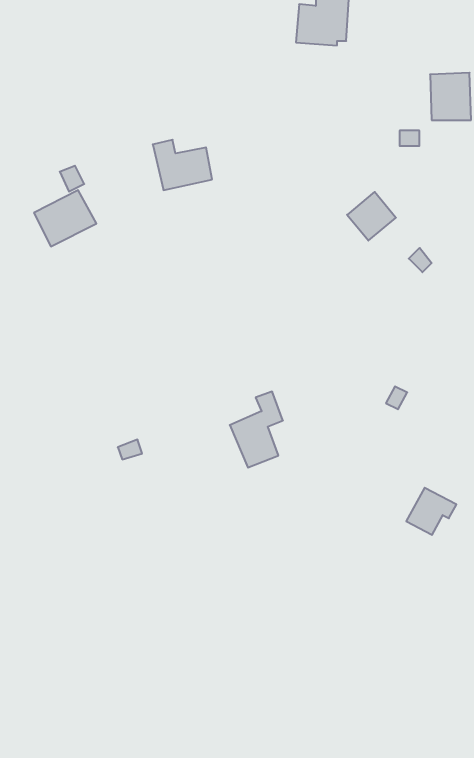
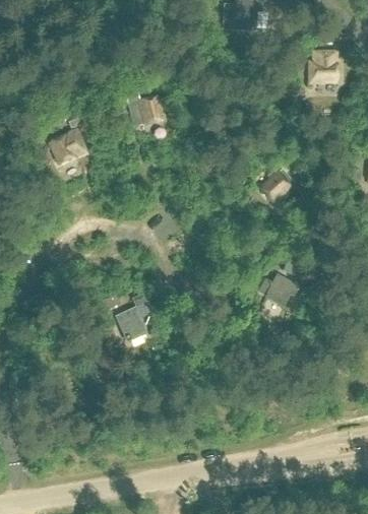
building: [347,192,396,241] -> [261,170,294,202]
building: [230,392,283,468] -> [115,293,150,343]
building: [406,488,456,535] -> [265,274,299,306]

